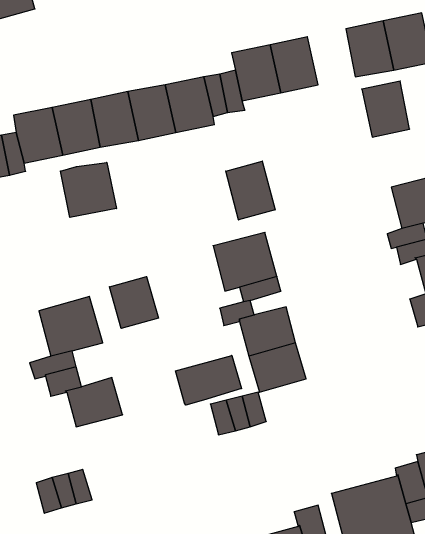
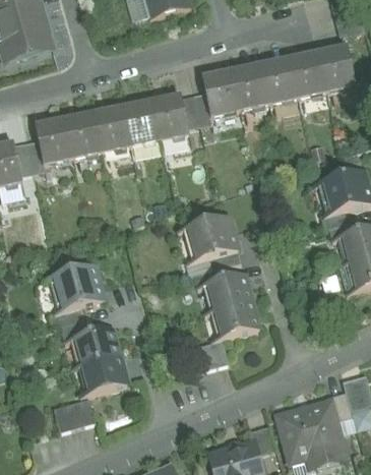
building: [362,81,410,137] -> [259,59,296,102]
building: [226,161,275,220] -> none
building: [60,162,116,217] -> none
building: [109,277,158,328] -> none
building: [175,355,242,405] -> none
building: none -> [82,354,125,391]

